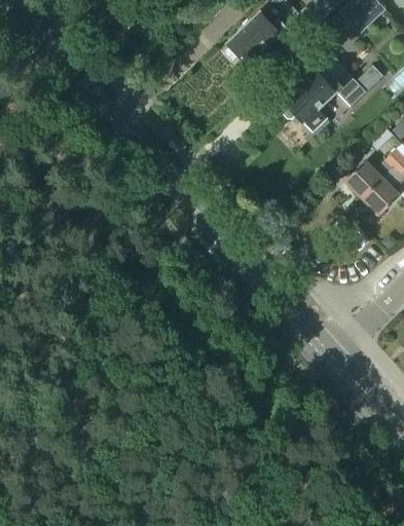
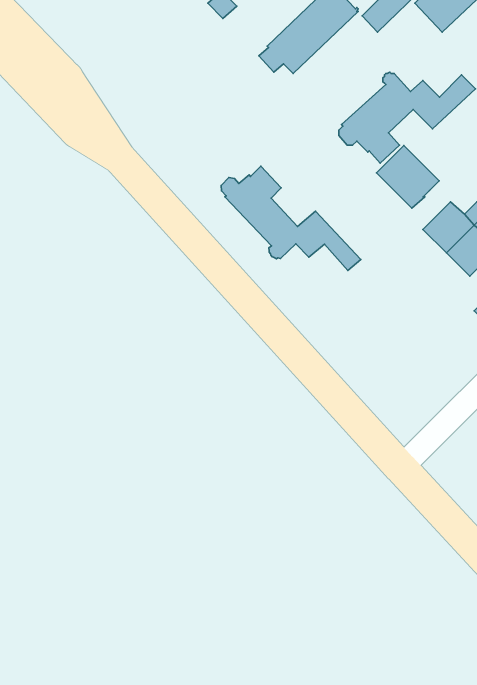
building: none -> [377,145,439,208]
building: none -> [221,166,361,271]

